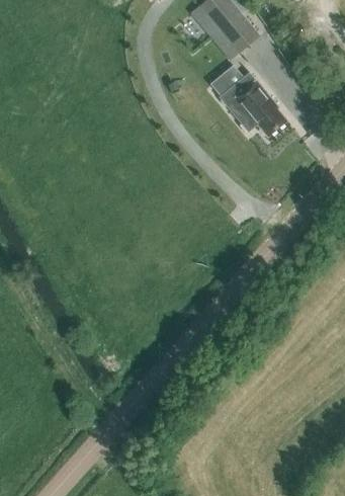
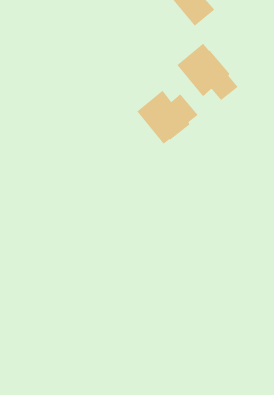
building: none -> [136,90,198,146]

